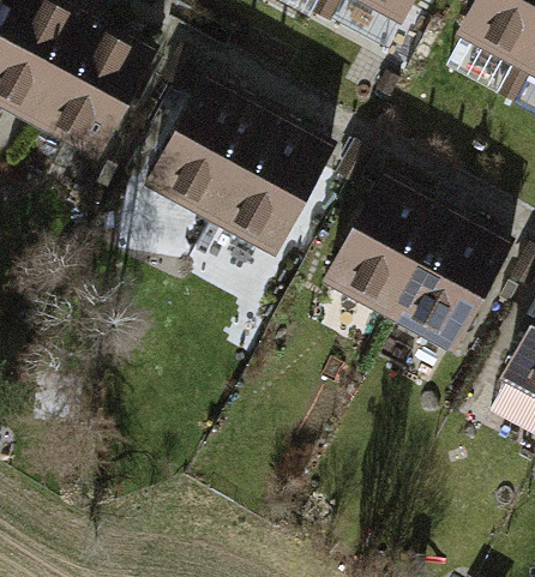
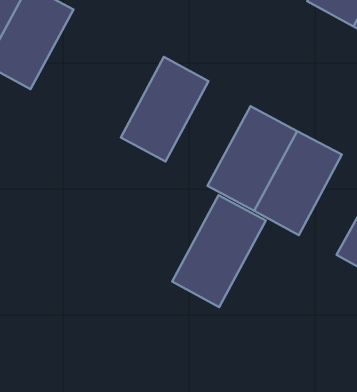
building: [149,82,269,222] -> none
building: none -> [172,195,266,307]

